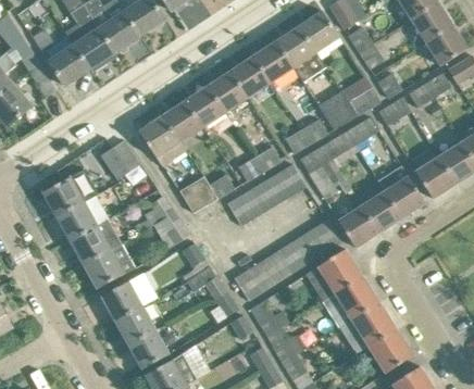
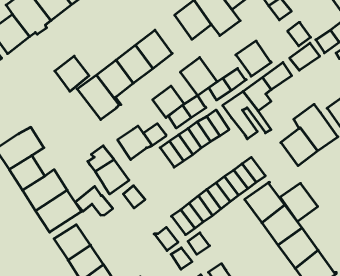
building: [229,55,270,98] -> [180,57,217,96]
building: [341,76,379,115] -> none
building: none -> [153,86,184,118]
building: [101,140,139,179] -> [55,56,89,91]
building: [337,205,378,248] -> [280,183,318,221]
building: [186,265,227,298] -> [75,186,113,215]

